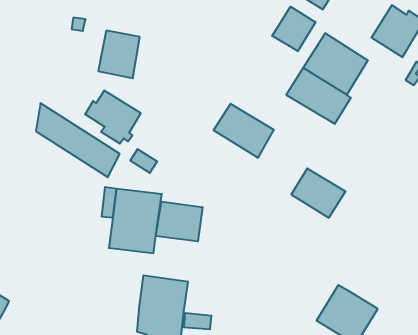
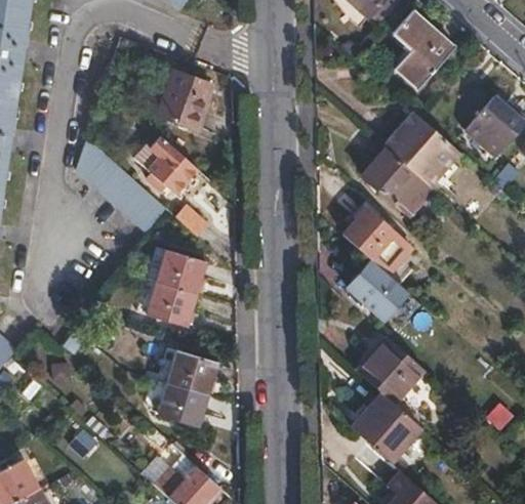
building: [272,7,316,51] -> none
building: [213,104,274,158] -> [342,210,409,275]
building: [156,202,202,241] -> none
building: none -> [358,338,423,403]

